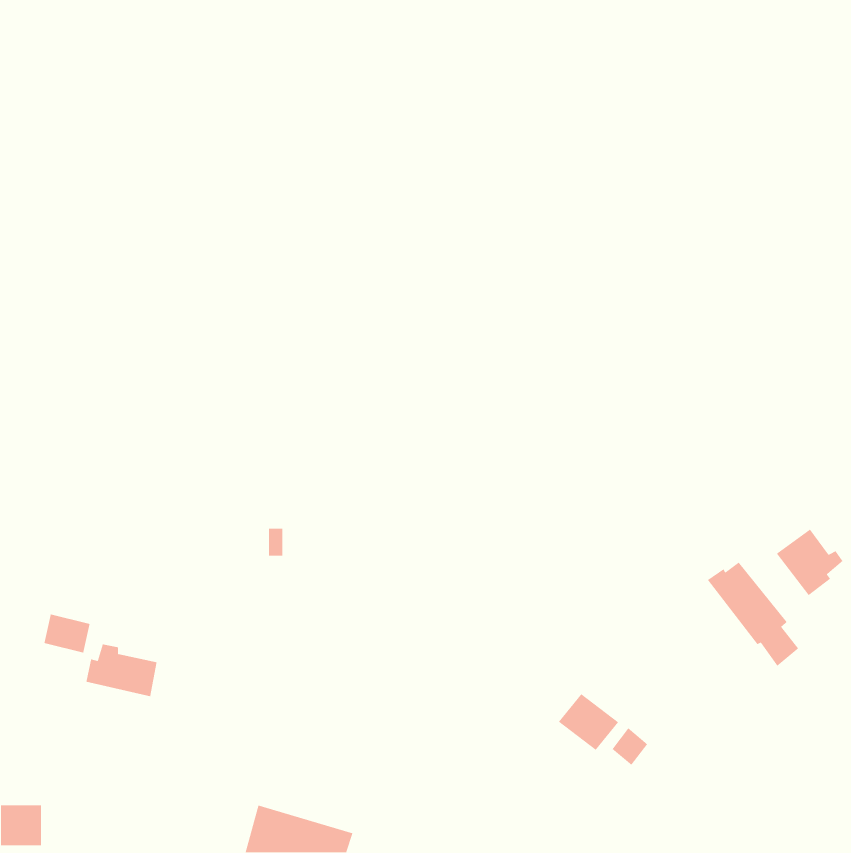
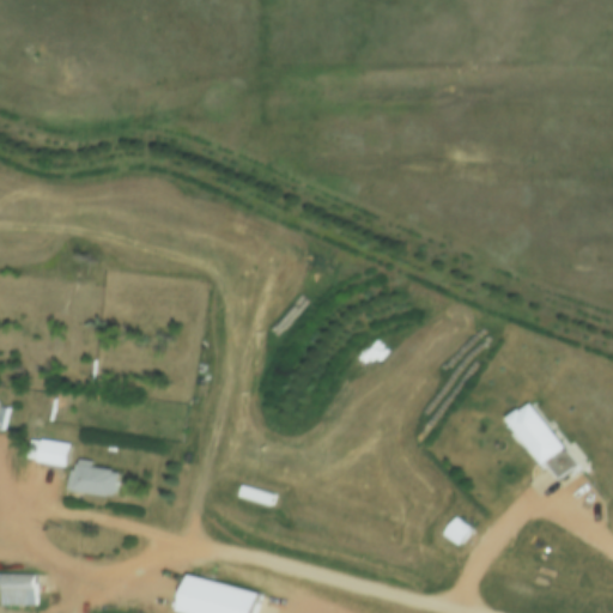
building: [776,528,844,596] -> none
building: [558,693,619,751] -> none

